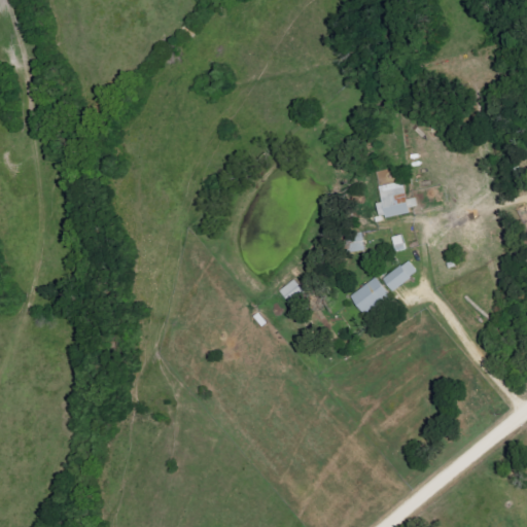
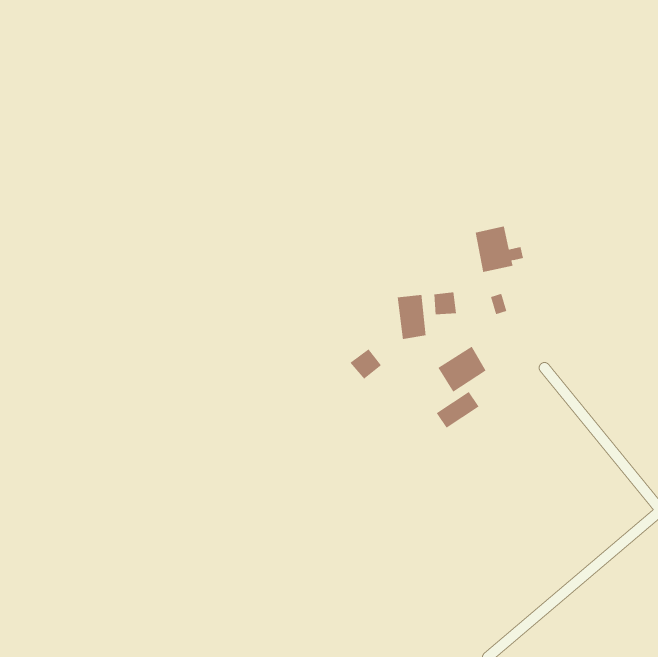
building: none -> [397,294,426,340]
building: [382,259,417,289] -> [436,391,480,429]

